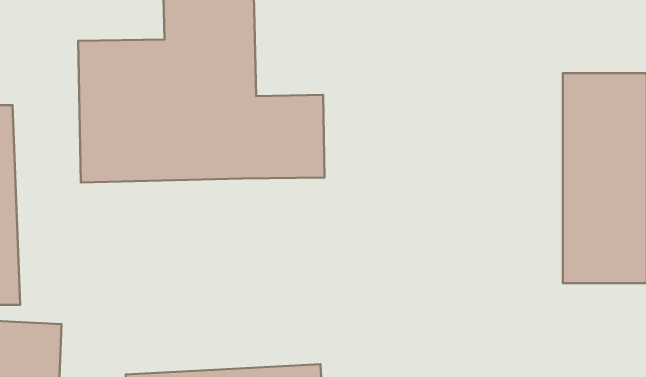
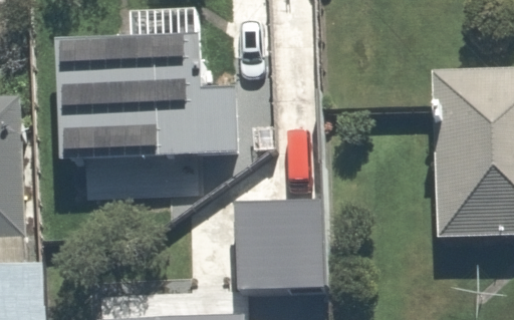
building: none -> [237,189,334,294]

